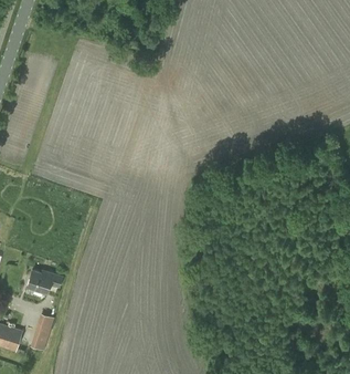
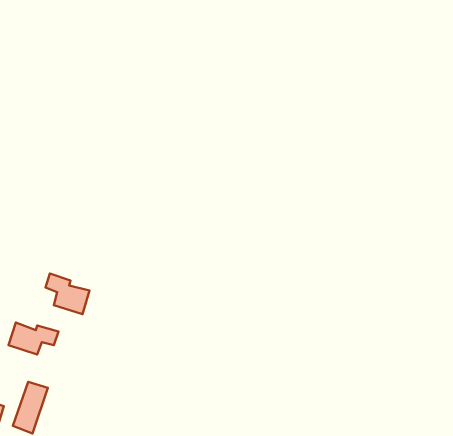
building: none -> [46,273,90,314]

